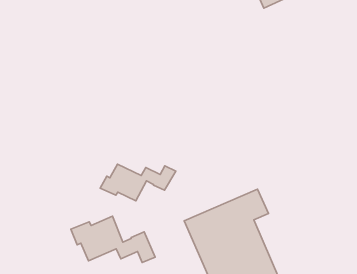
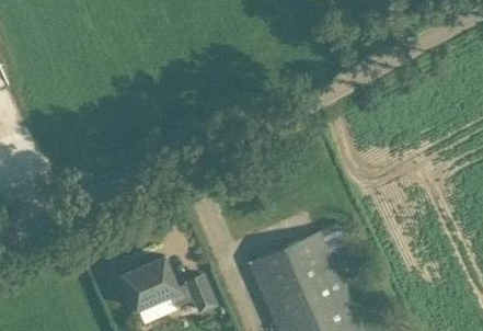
building: [100,164,176,201] -> none

